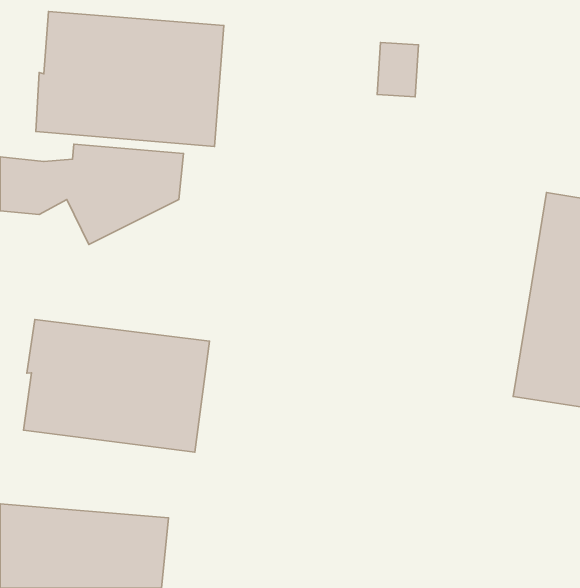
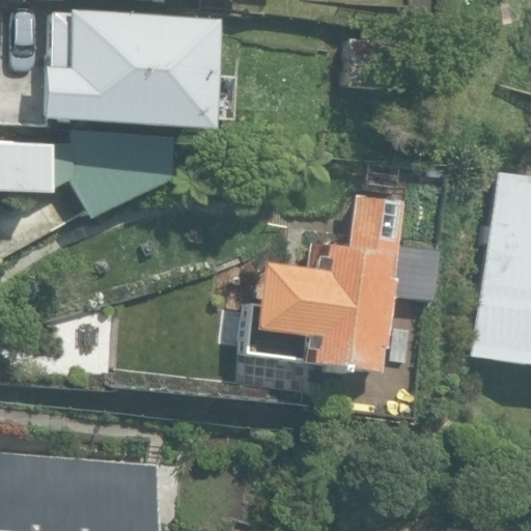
building: none -> [242,195,402,373]
building: [24,319,210,452] -> none

